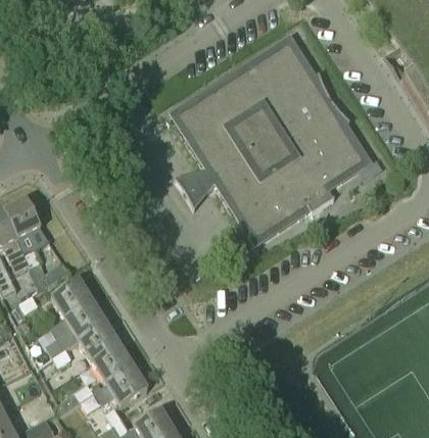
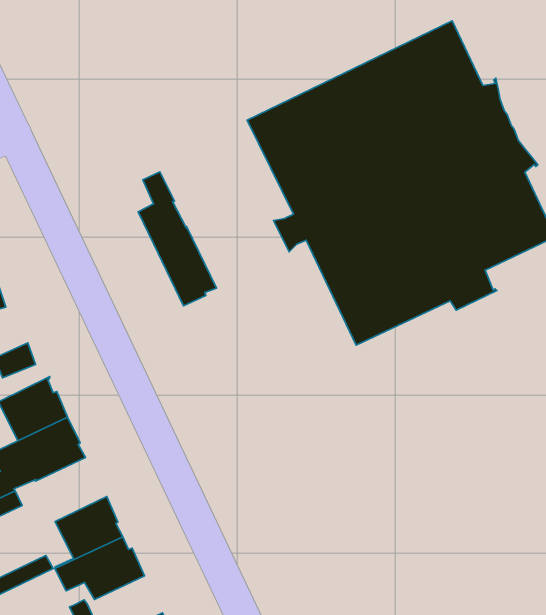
building: none -> [138,172,217,306]
building: [78,324,121,363] -> none

